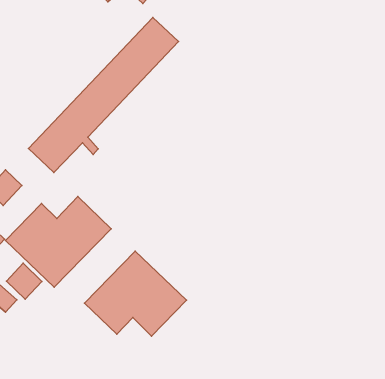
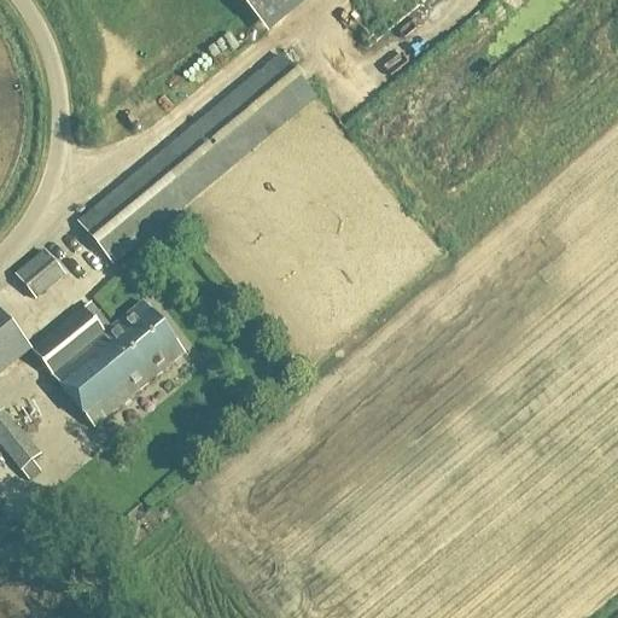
building: [85,251,186,336] -> none
building: [6,263,42,299] -> none

